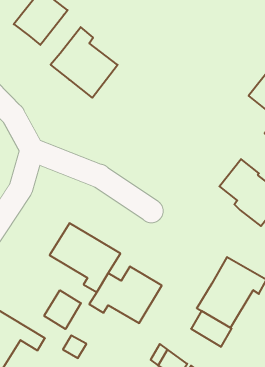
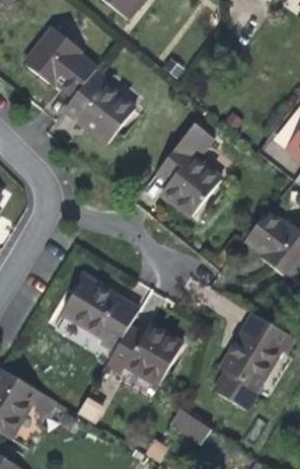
building: none -> [56,54,96,95]
building: none -> [159,125,222,216]
building: [44,290,81,329] -> none

